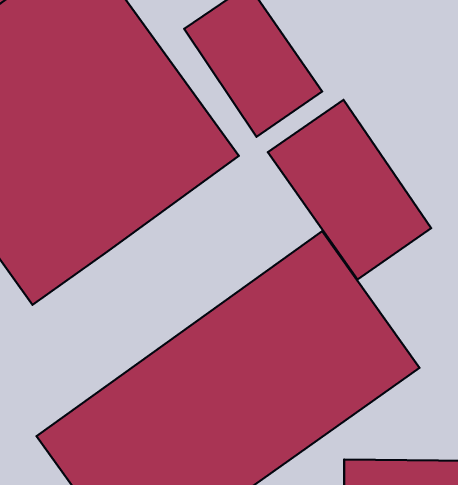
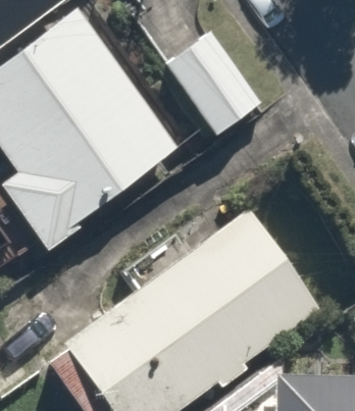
building: [268,100,431,280] -> none

